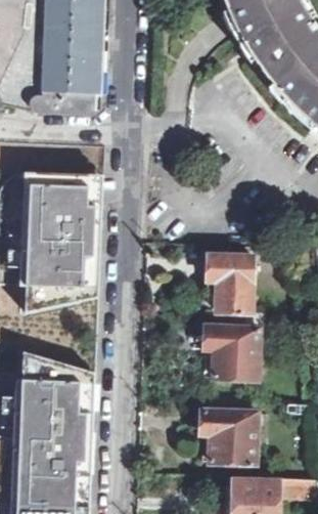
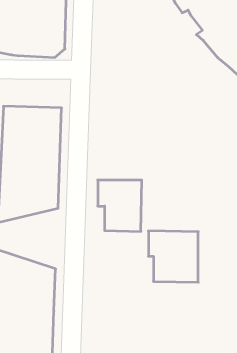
building: [207,254,260,316] -> [98,180,142,231]
building: [197,408,254,460] -> none

